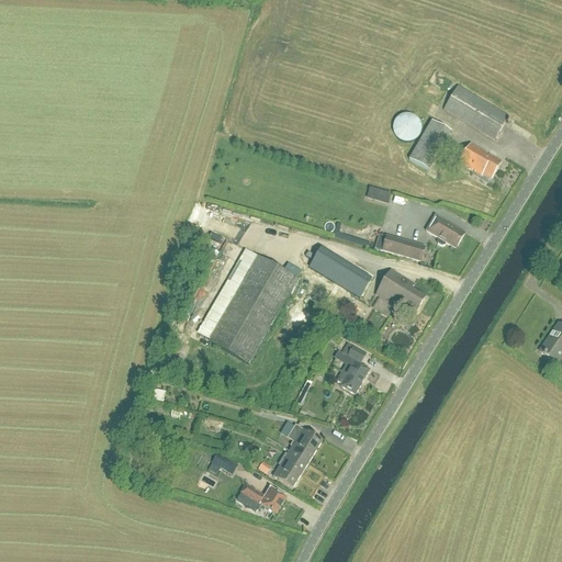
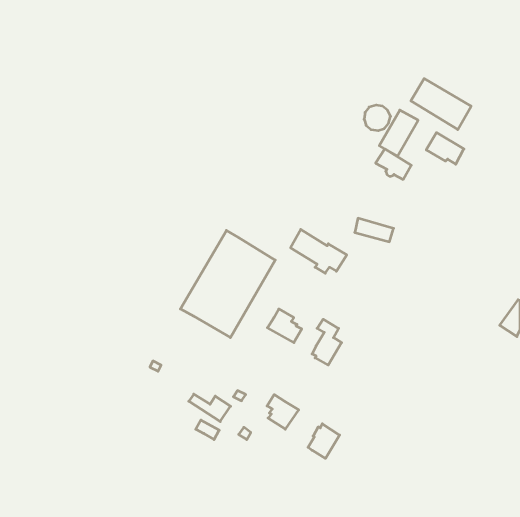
building: [425,215,463,248] -> [376,149,411,179]
building: [374,268,424,312] -> none
building: none -> [267,309,302,343]
building: [273,450,307,487] -> [308,424,340,458]
building: [240,484,285,514] -> [189,394,231,422]

